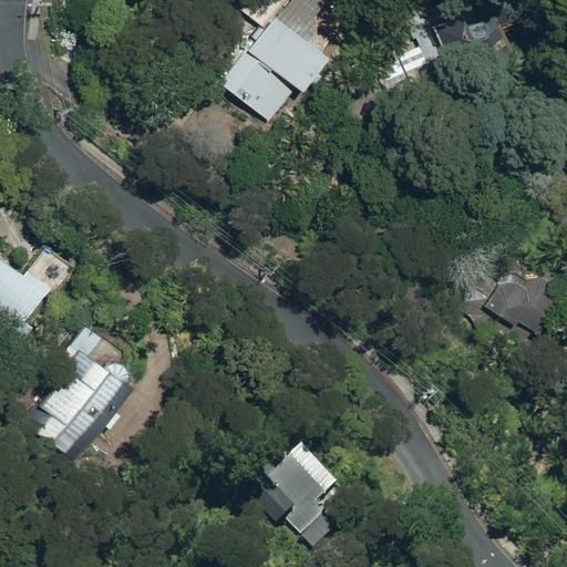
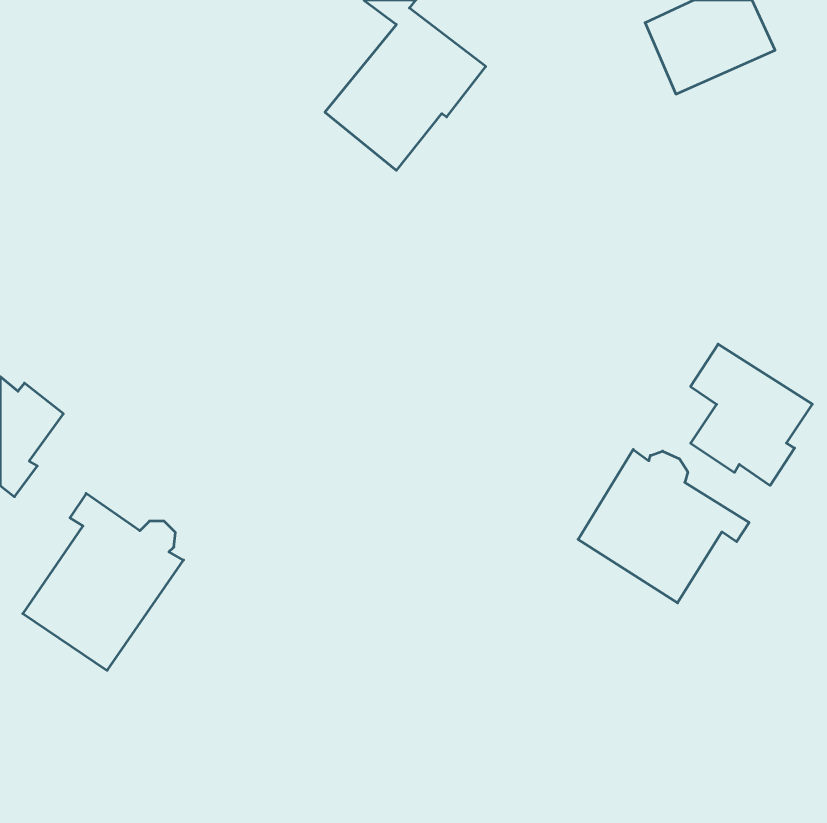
building: none -> [578,449,749,603]
building: [238,451,336,550] -> none

